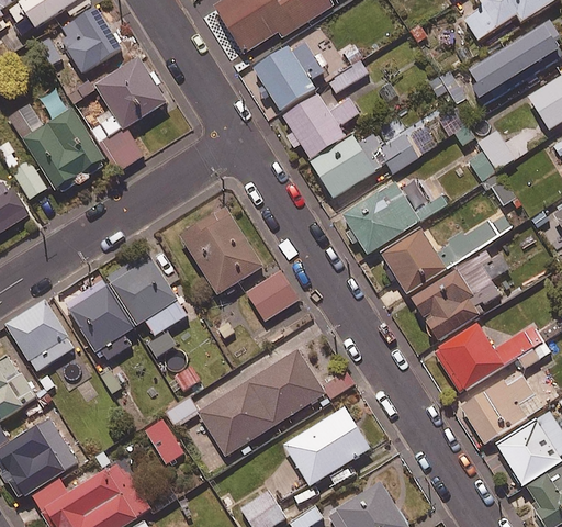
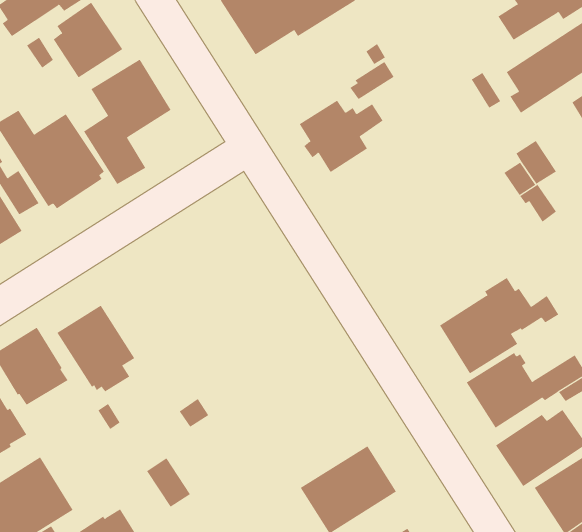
building: [252,42,324,111] -> none
building: [310,131,427,197] -> none
building: [341,179,447,255] -> none
building: [179,205,263,295] -> none
building: [381,214,510,293] -> none
building: [105,251,186,335] -> none
building: [245,269,299,321] -> none
building: [164,346,353,456] -> none

